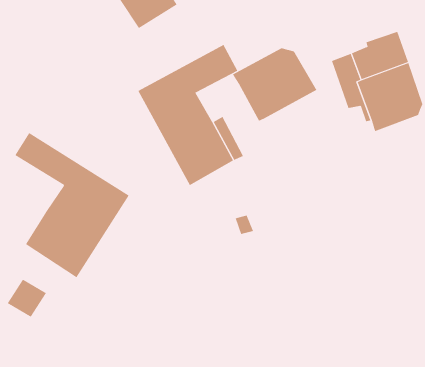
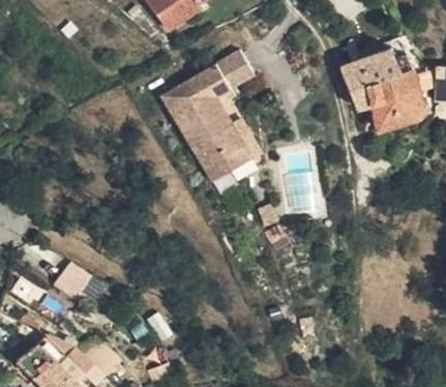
building: [232,47,317,122] -> none
building: [15,132,129,278] -> none

